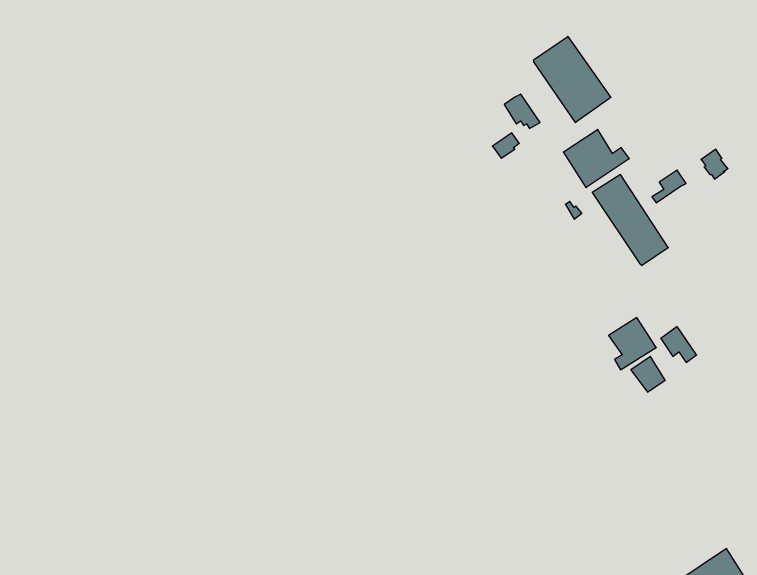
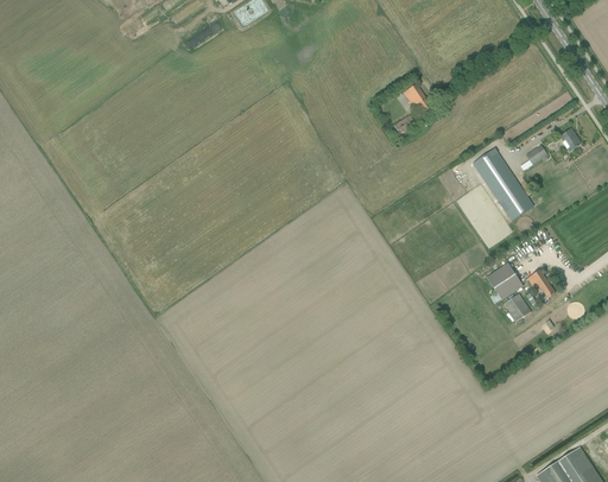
building: [533,36,611,123] -> none
building: [563,129,629,188] -> none

